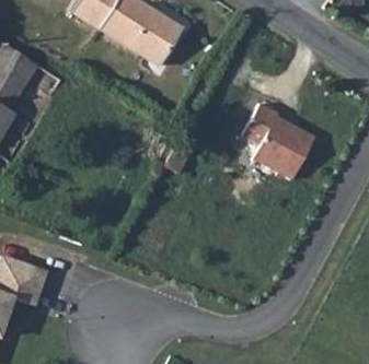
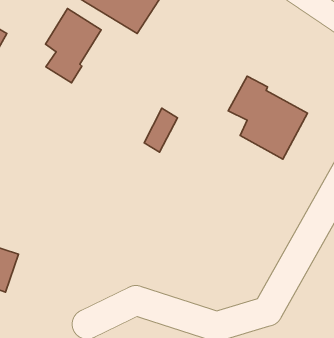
building: none -> [46,8,101,83]

